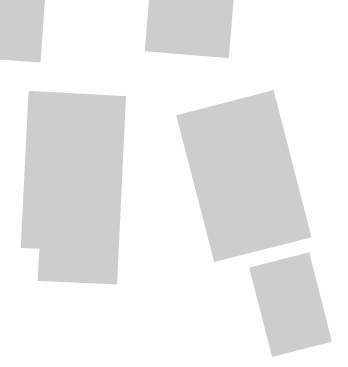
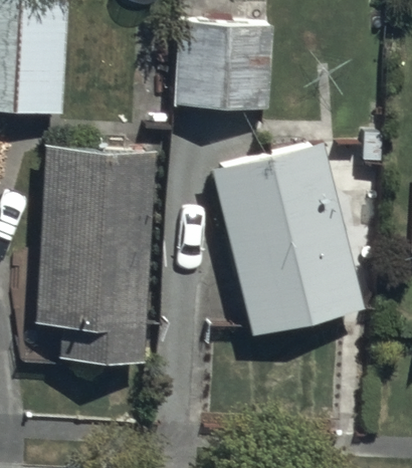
building: [248,252,333,358] -> none

